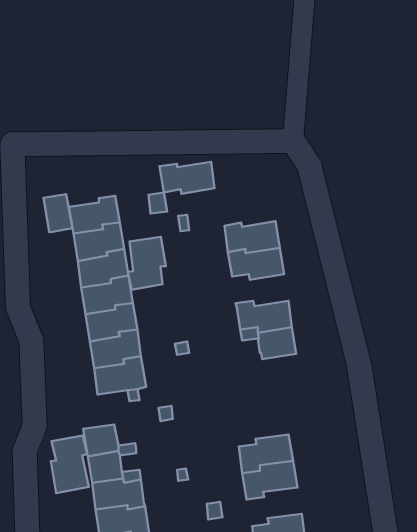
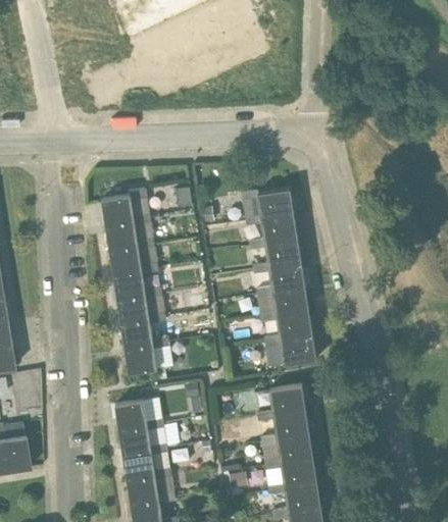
building: [159,162,215,194] -> [242,190,293,219]
building: [44,194,72,232] -> none
building: [128,237,166,290] -> none
building: none -> [253,263,305,293]
building: none -> [264,335,316,368]
building: none -> [254,386,305,422]
building: [51,435,89,493] -> none
building: none -> [266,460,317,495]

